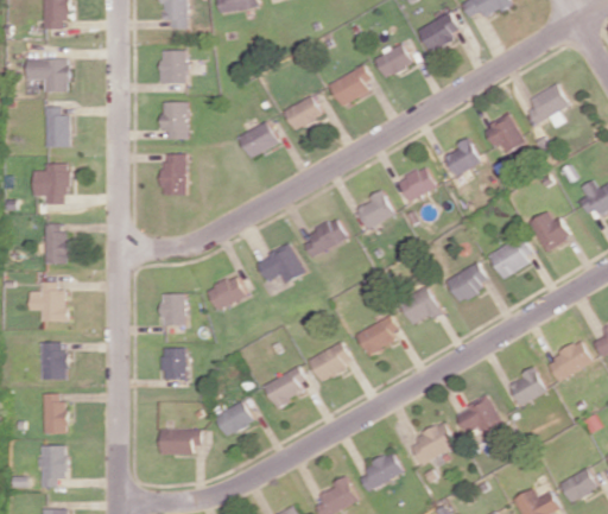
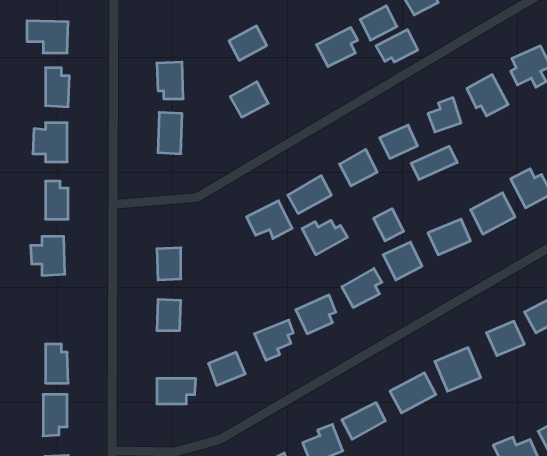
building: [163,50,189,83] -> none
building: none -> [376,30,418,62]
building: [283,95,322,131] -> [229,26,267,60]
building: none -> [411,146,457,180]
building: none -> [374,209,404,241]
building: none -> [302,220,347,255]
building: [208,275,247,310] -> none
building: [44,342,71,380] -> none

